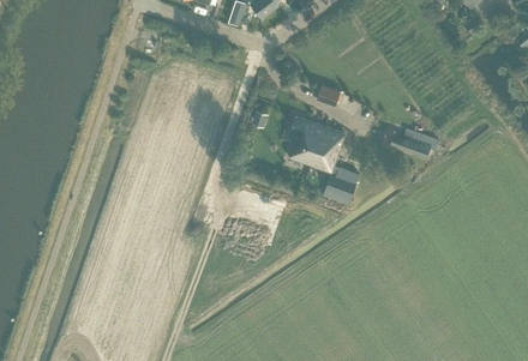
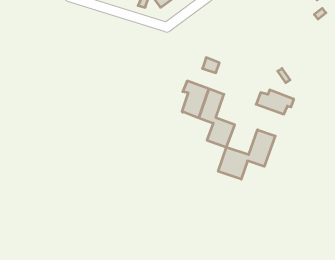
building: none -> [218,130,275,179]

